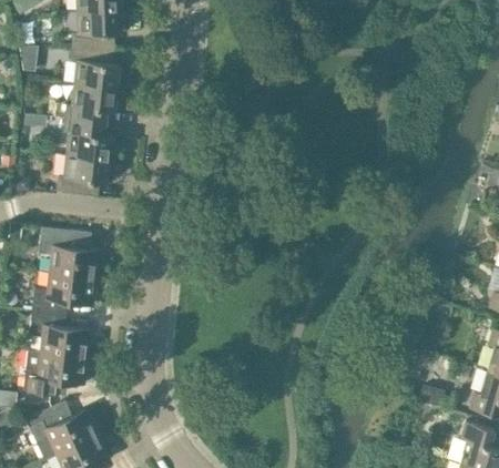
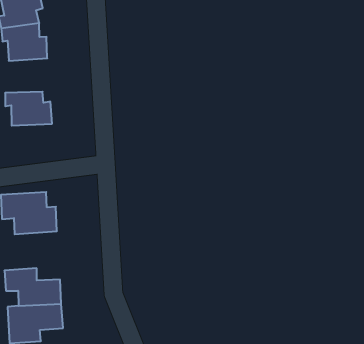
building: [64,82,116,122] -> none
building: [57,153,110,194] -> none
building: [31,272,95,313] -> none

